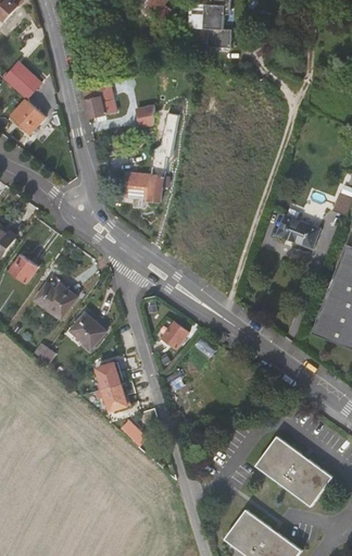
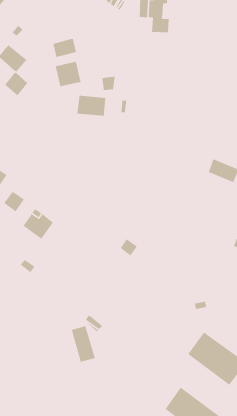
building: none -> [53,38,77,58]
building: [121,169,160,197] -> [76,95,106,117]
building: [70,314,105,350] -> none
building: [97,362,129,411] -> [71,325,96,363]

